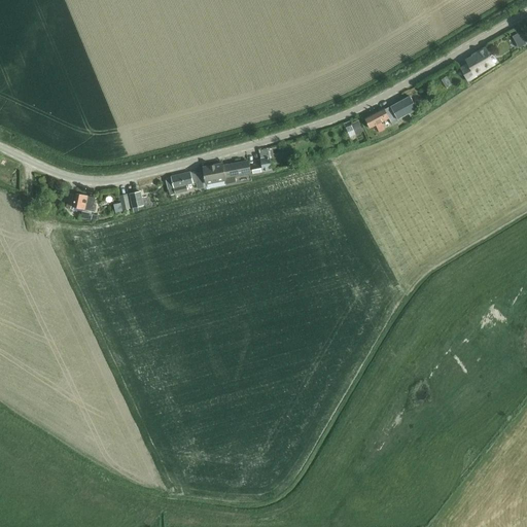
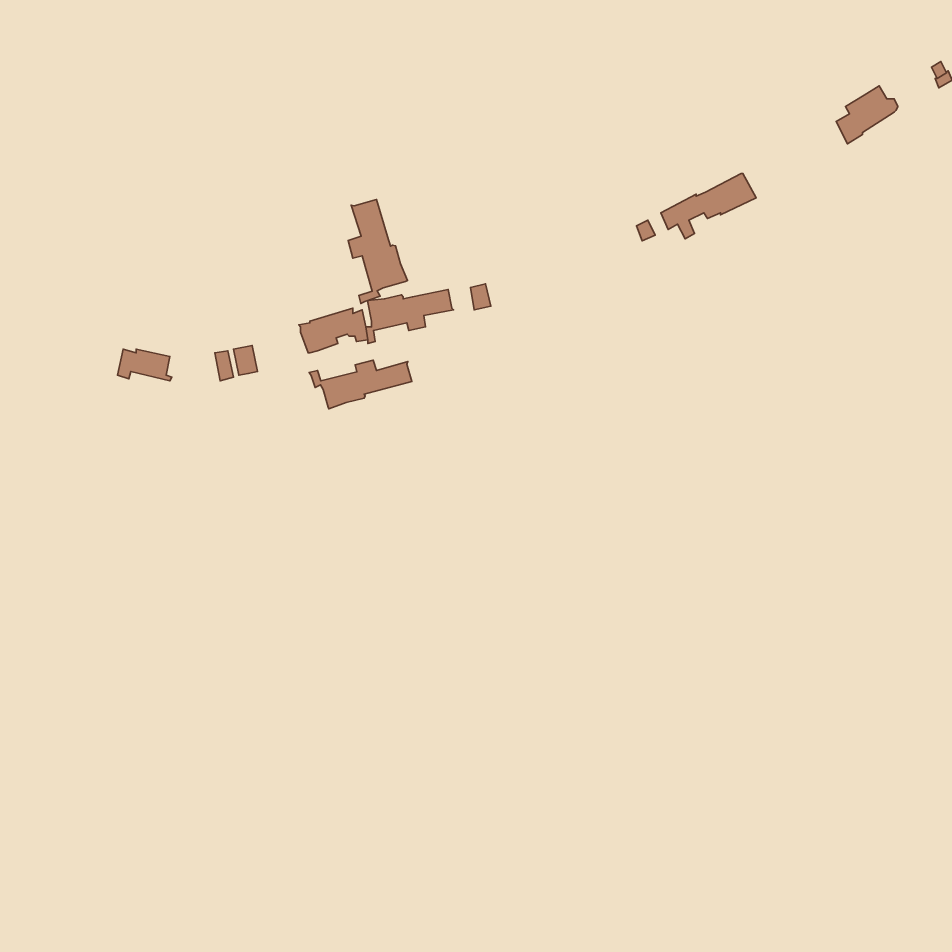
building: none -> [348,199,408,304]
building: none -> [309,360,412,409]

